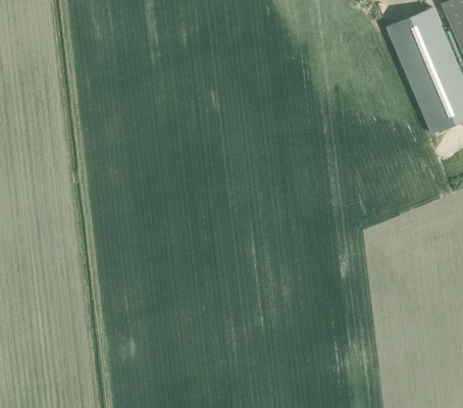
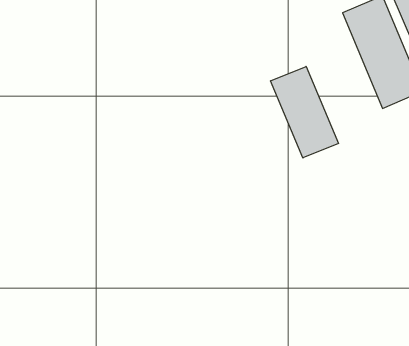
building: none -> [271,66,338,158]

